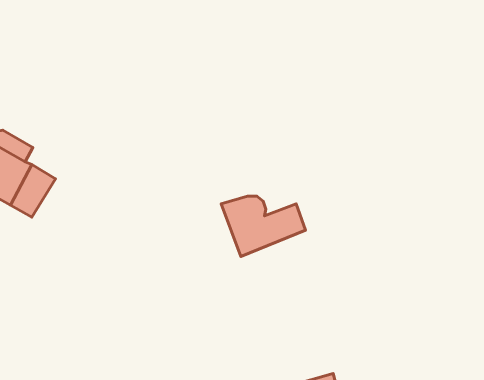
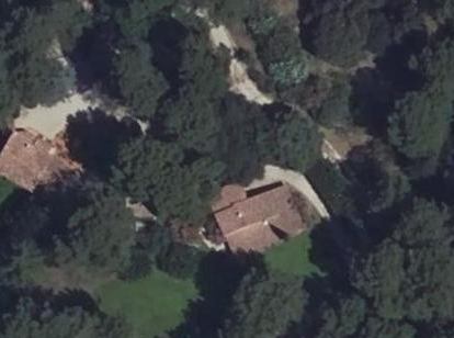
building: none -> [225,183,303,252]

